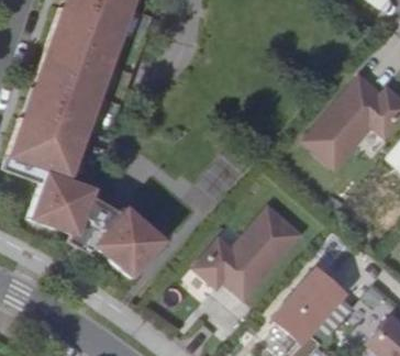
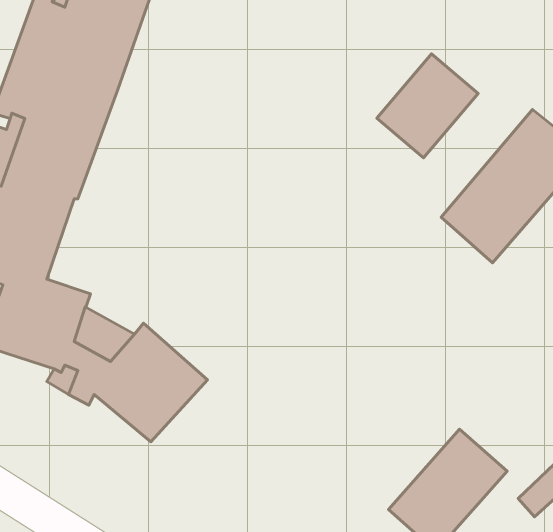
building: none -> [377,54,478,158]
building: [196,208,301,300] -> none

